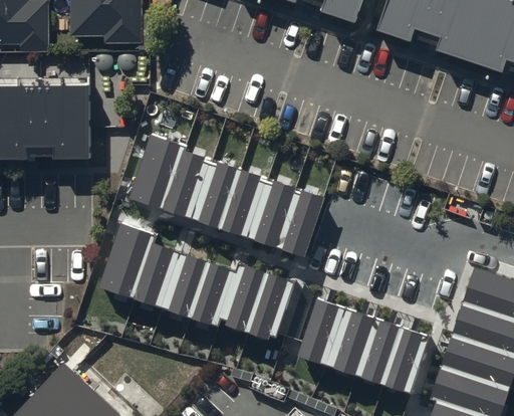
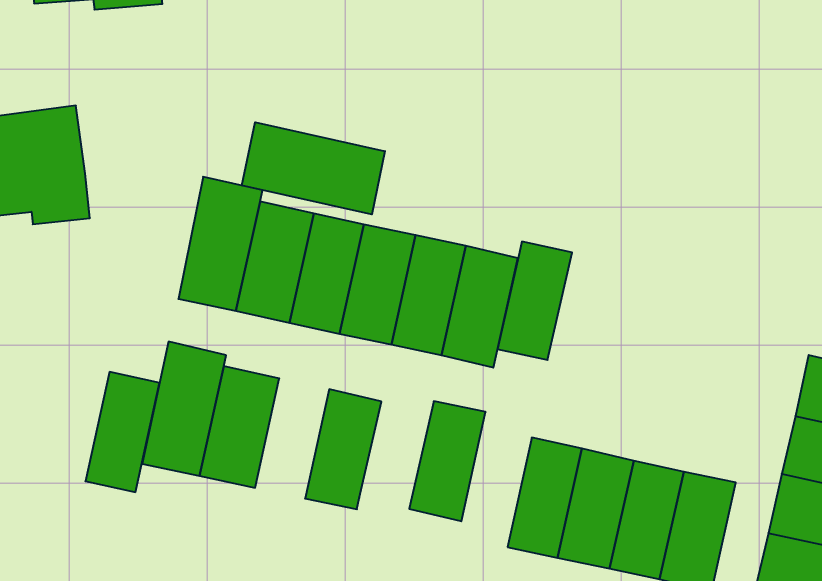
building: none -> [242,122,385,214]
building: [163,251,210,320] -> [85,372,160,492]
building: [220,264,267,332] -> [498,242,572,360]

